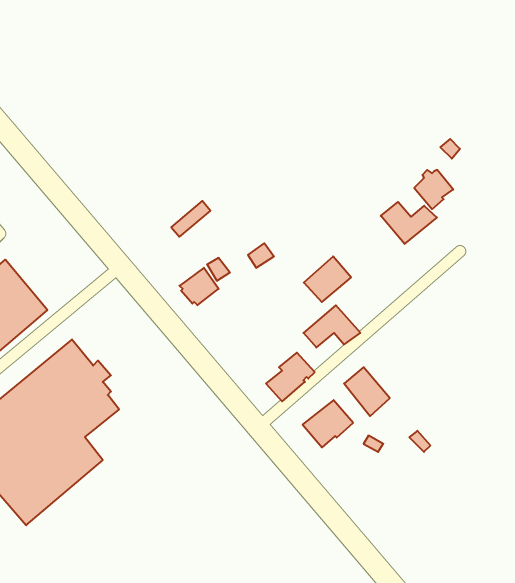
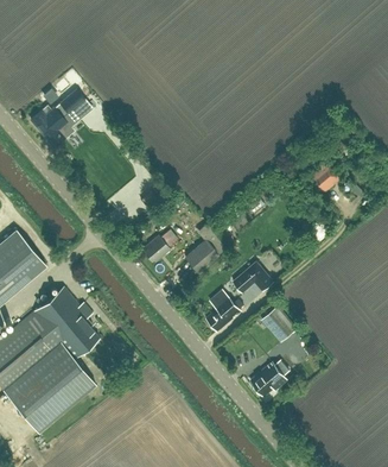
building: none -> [31,90,85,139]
building: [381,202,437,244] -> none
building: [304,256,351,302] -> [185,240,220,273]
building: [303,400,353,447] -> [250,364,287,398]

